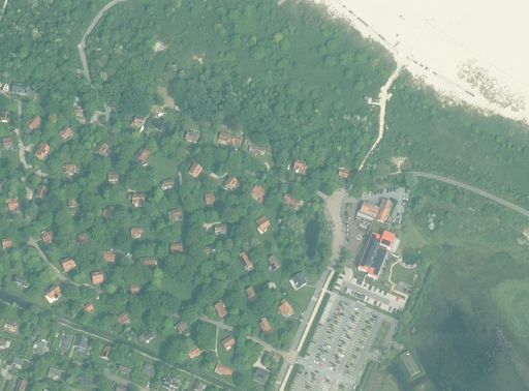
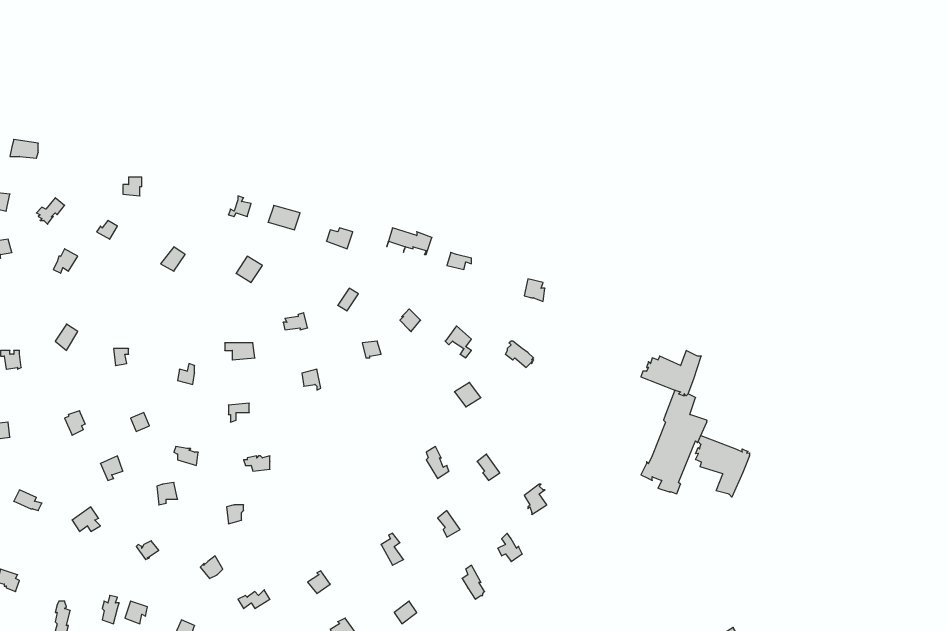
building: none -> [696,436,749,497]

